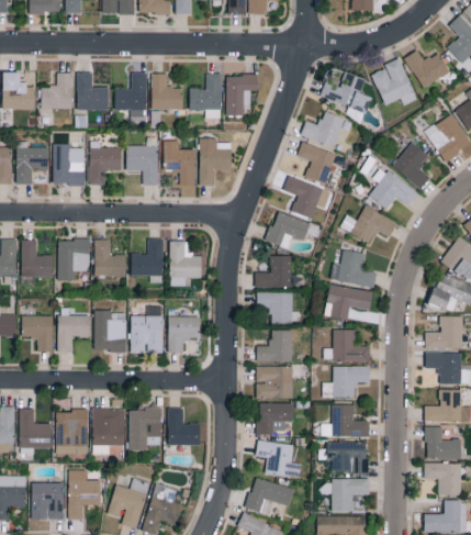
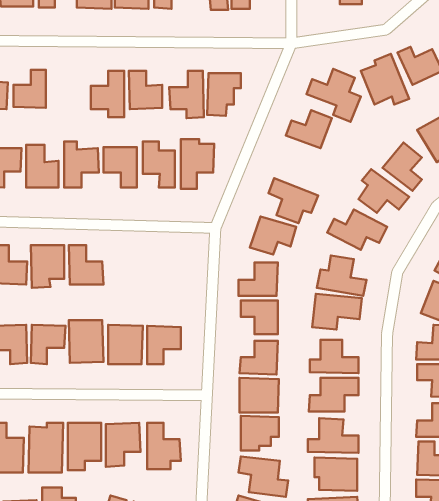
building: [78,73,110,110] -> none
building: [298,142,337,183] -> none
building: [132,238,164,282] -> none
building: [170,242,202,286] -> none

